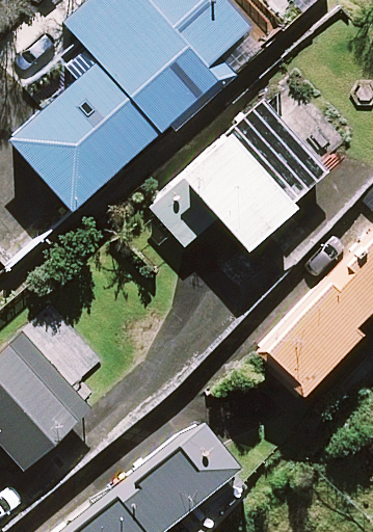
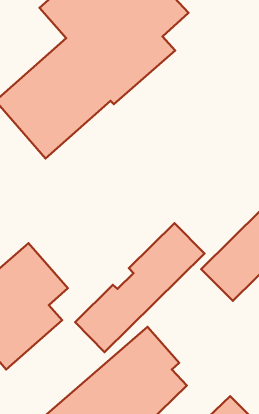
building: [150,107,325,252] -> none
building: none -> [75,223,205,352]

